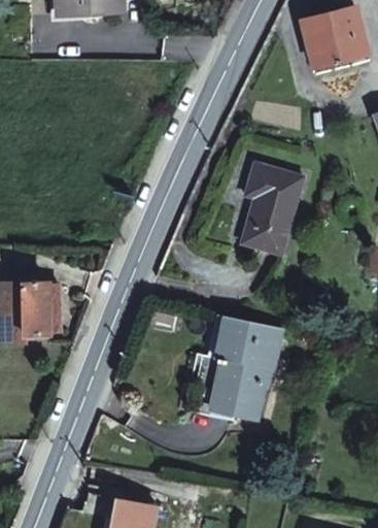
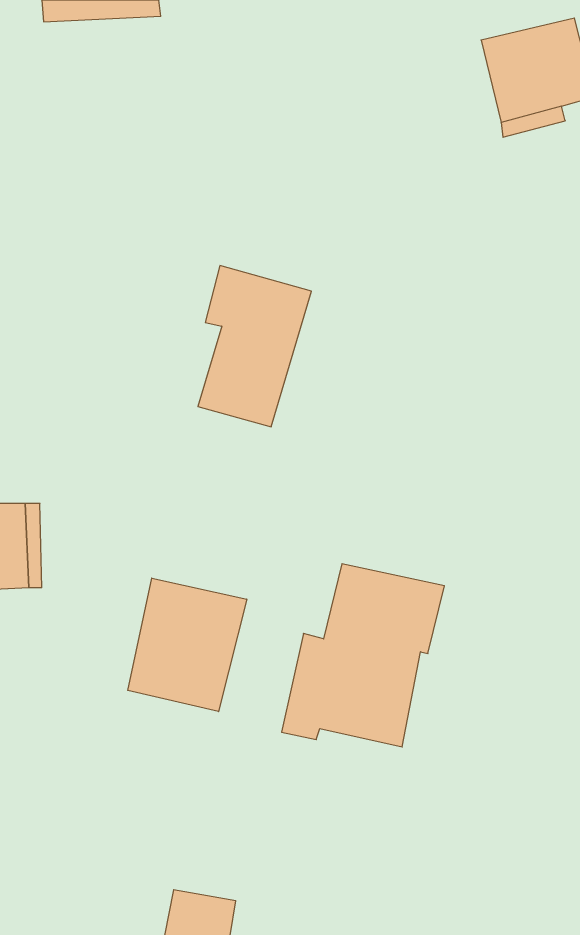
building: [238,164,302,255] -> [198,266,311,427]
building: none -> [128,578,247,712]

